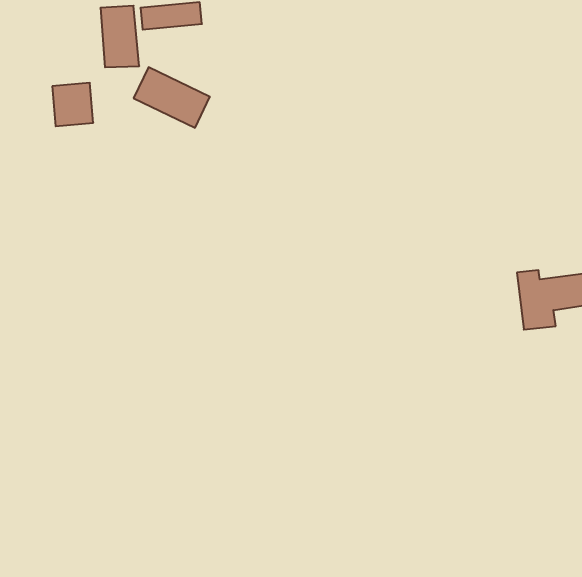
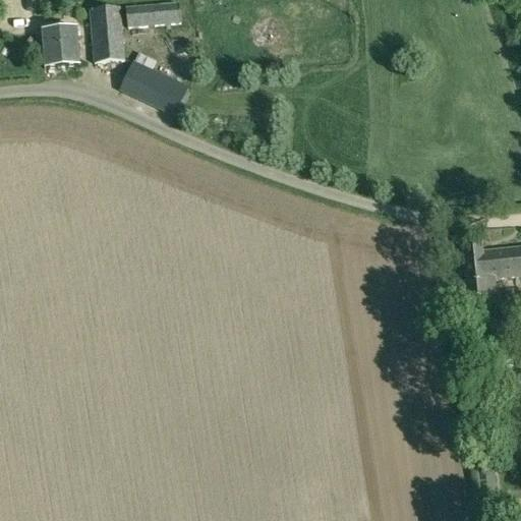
building: [52,83,93,126] -> [43,26,79,65]

